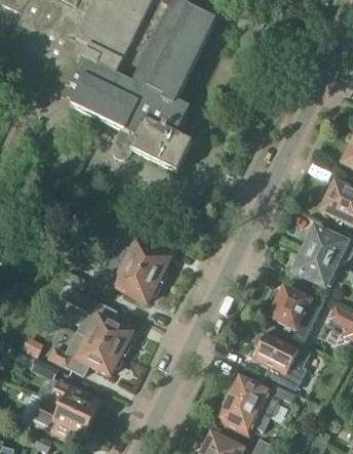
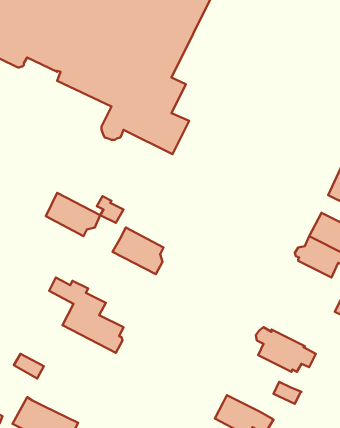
building: [112,262,162,302] -> [46,193,100,236]
building: [271,288,310,329] -> none
building: [47,330,125,376] -> none
building: [228,372,278,417] -> none
building: [48,377,101,420] -> none

